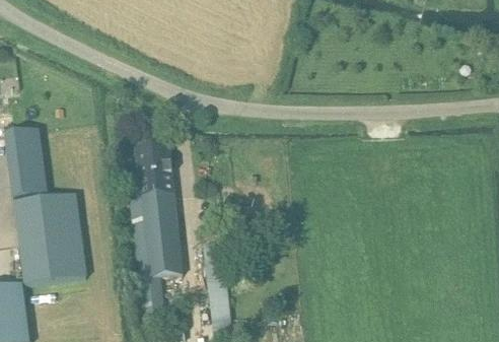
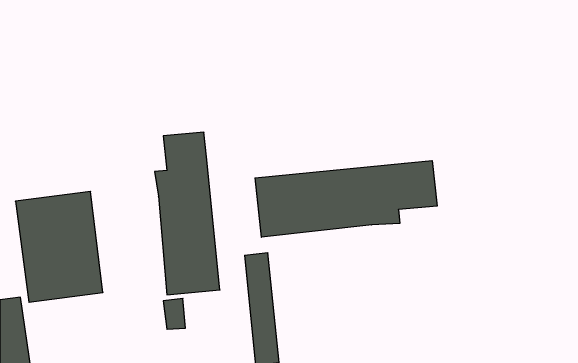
building: [6,127,46,196] -> none
building: none -> [255,161,437,237]

